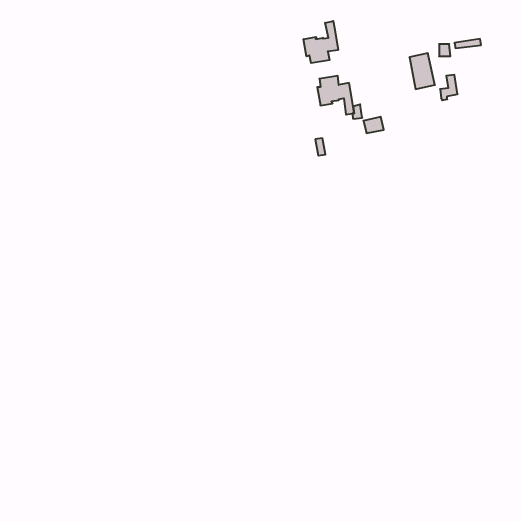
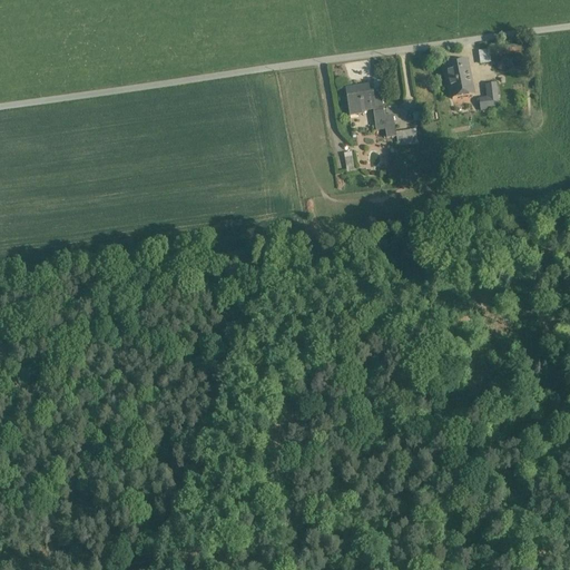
building: [304,21,338,63] -> none

